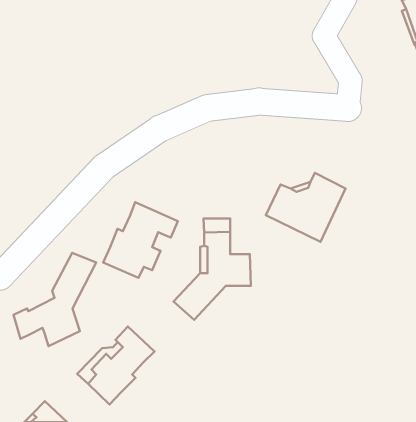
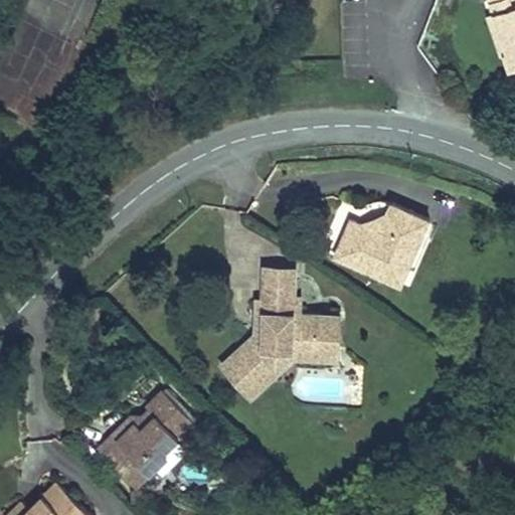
building: [103,202,178,278] -> none
building: [14,253,96,346] -> none
building: none -> [245,308,335,392]

